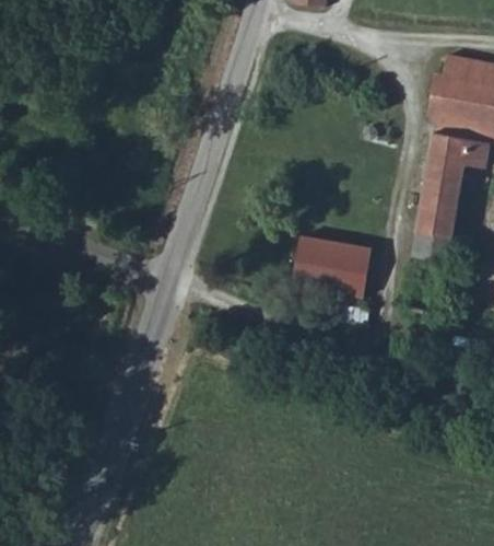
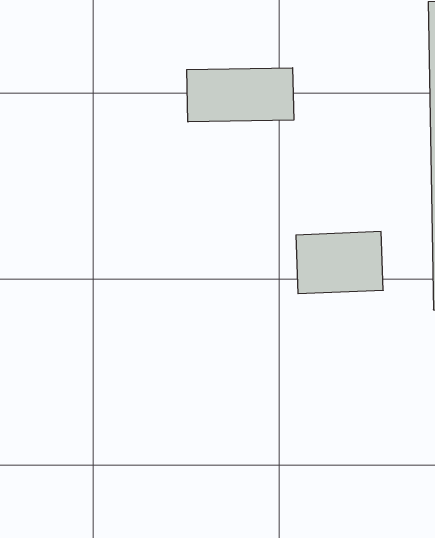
building: none -> [187,68,294,122]

